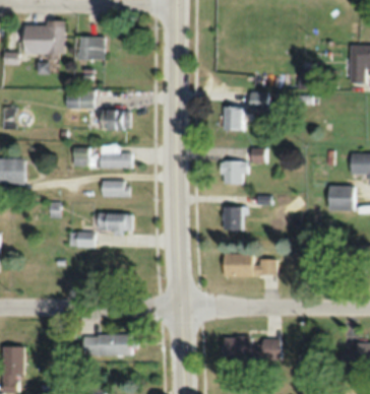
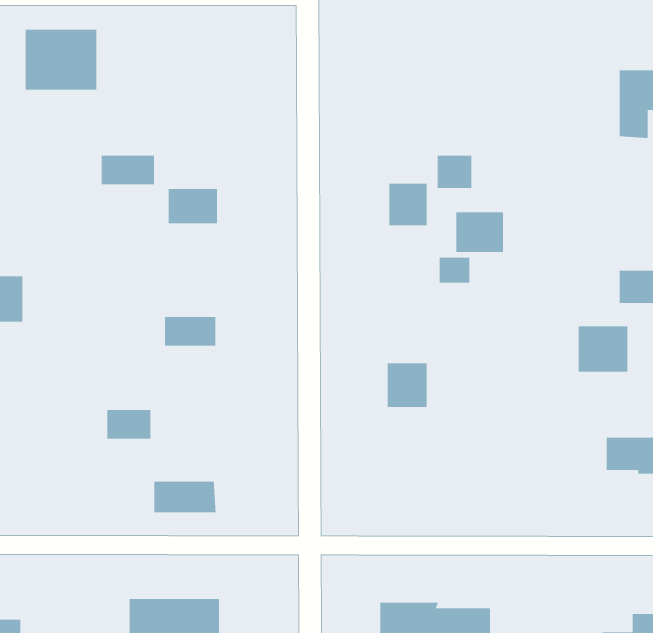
building: [78,38,106,61] -> none
building: [74,146,133,168] -> none
building: [220,161,246,184] -> [456,212,504,253]
building: [98,213,132,231] -> [153,481,216,513]
building: [221,254,276,276] -> none

